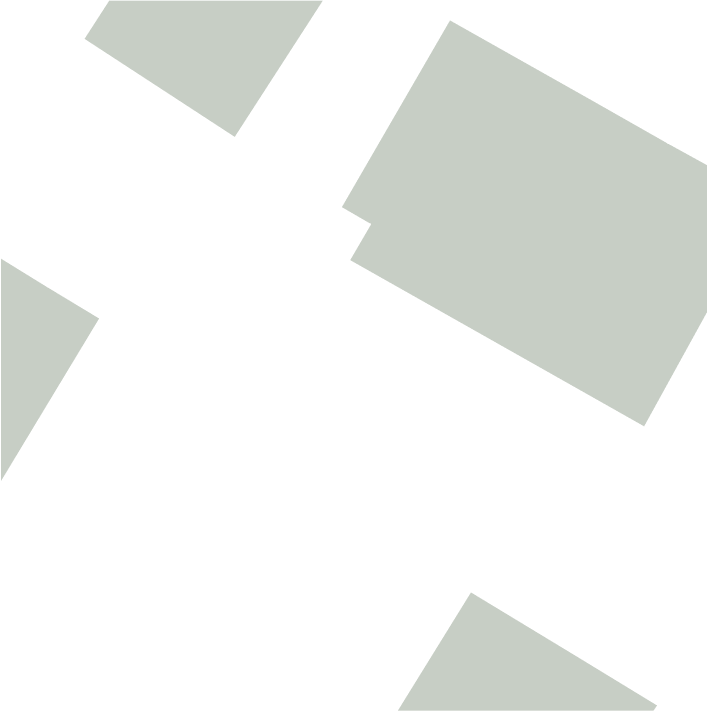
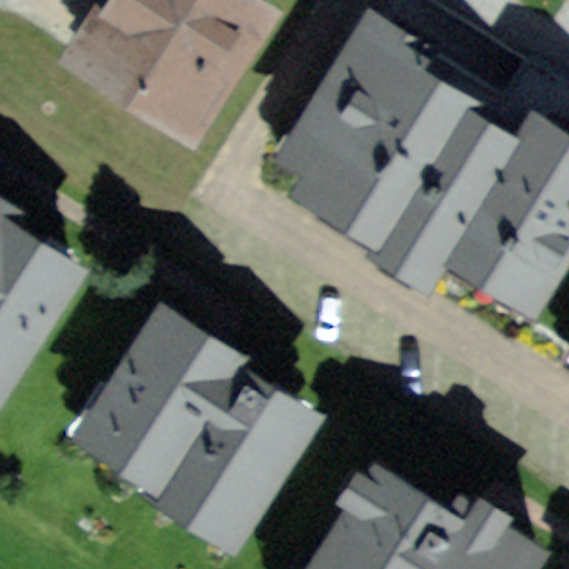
building: none -> [82,308,300,532]

